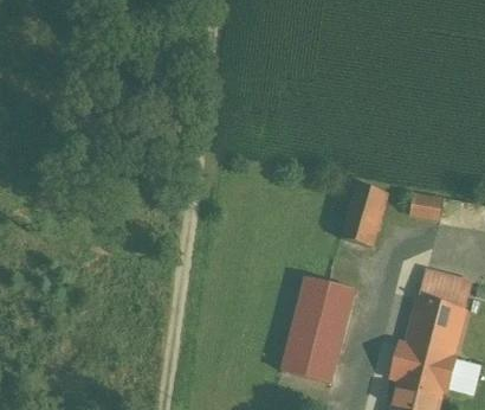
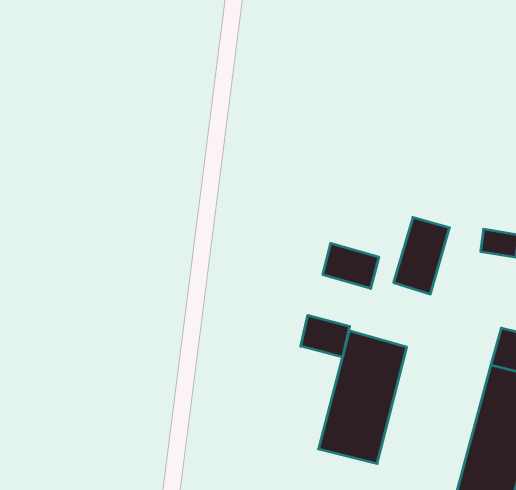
building: none -> [323,243,379,289]
building: none -> [301,315,350,357]

